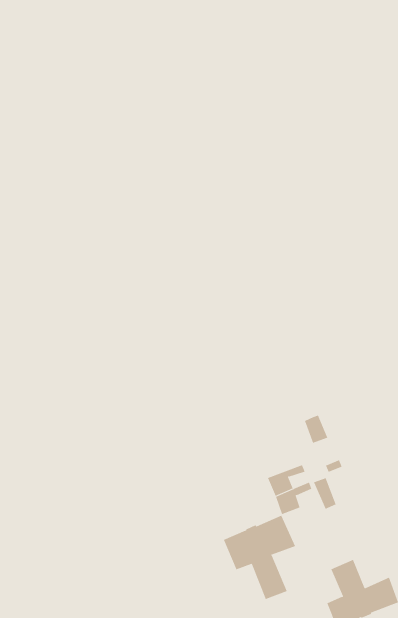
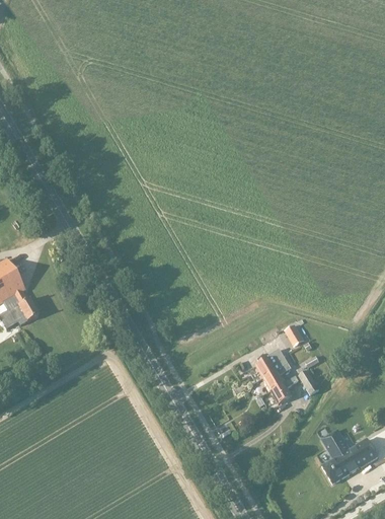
building: none -> [256,349,289,378]
building: [223,515,296,600] -> none

